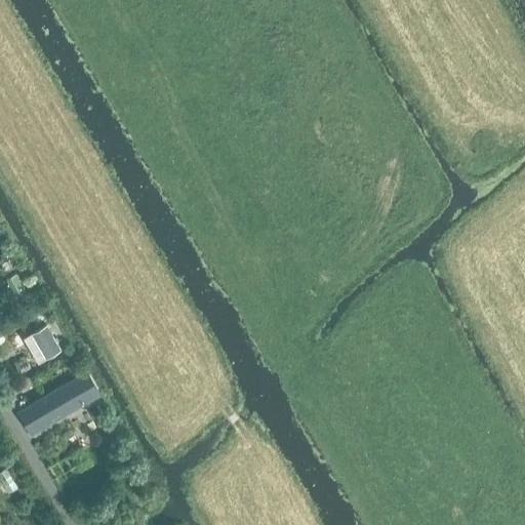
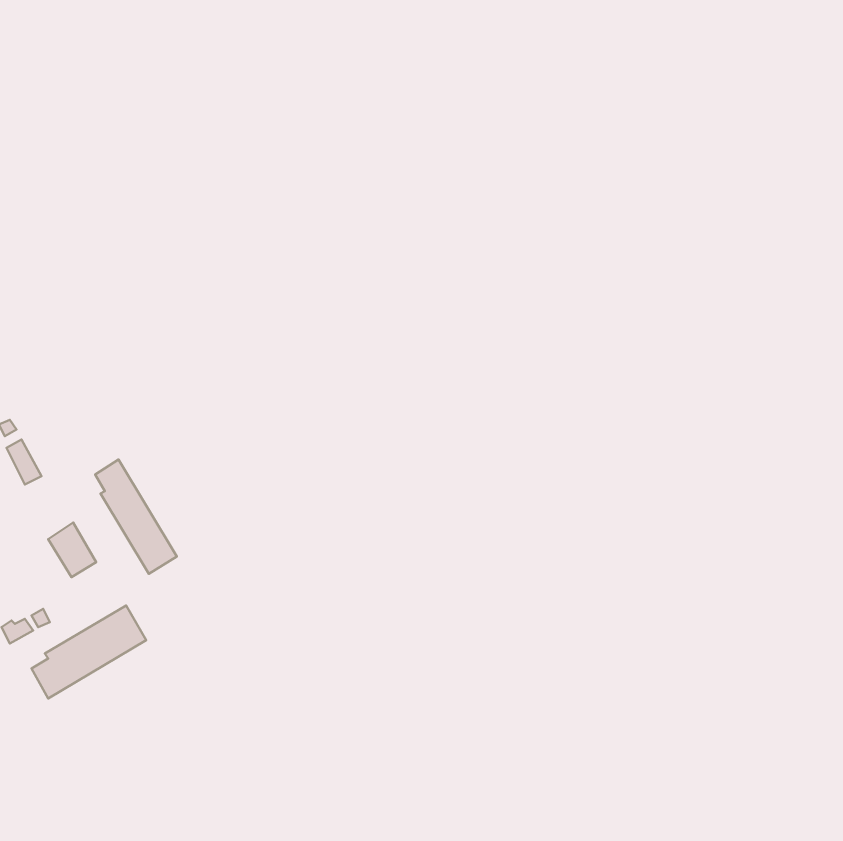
building: none -> [95,459,177,574]

